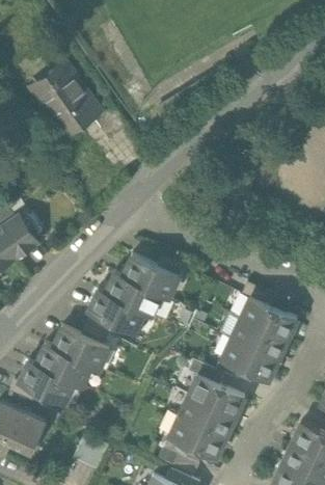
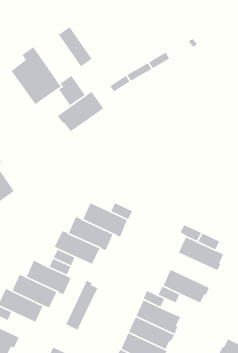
building: none -> [57,91,104,132]
building: [229,320,287,362] -> none
building: none -> [65,279,98,331]

